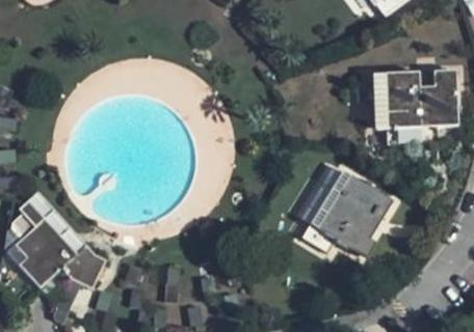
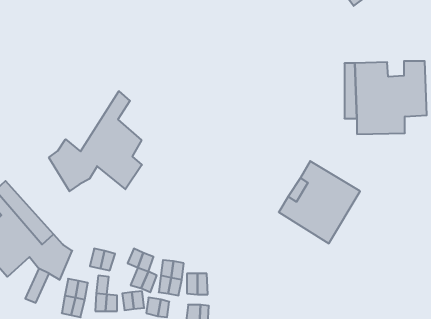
building: none -> [49,91,142,191]

